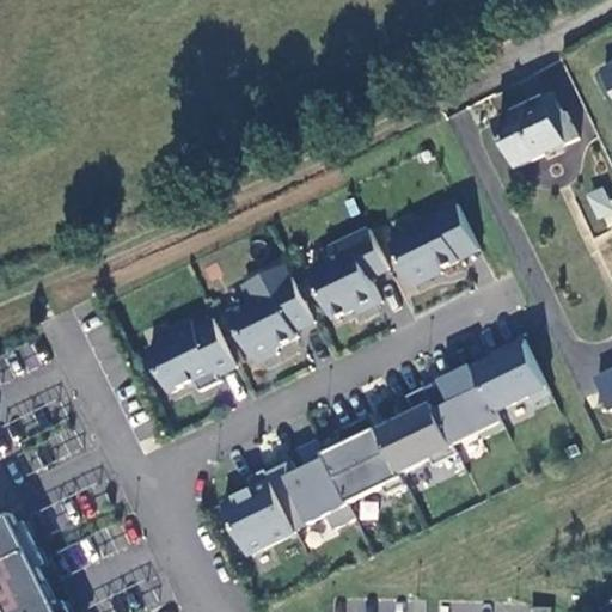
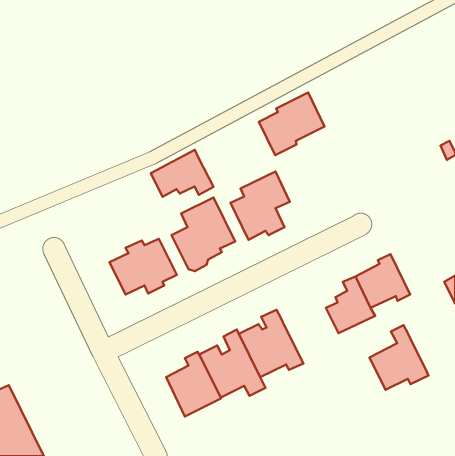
building: [492,93,575,164] -> none
building: none -> [151,150,213,197]
building: [388,203,476,287] -> [259,92,324,155]
building: [377,386,455,472] -> [369,325,429,390]

